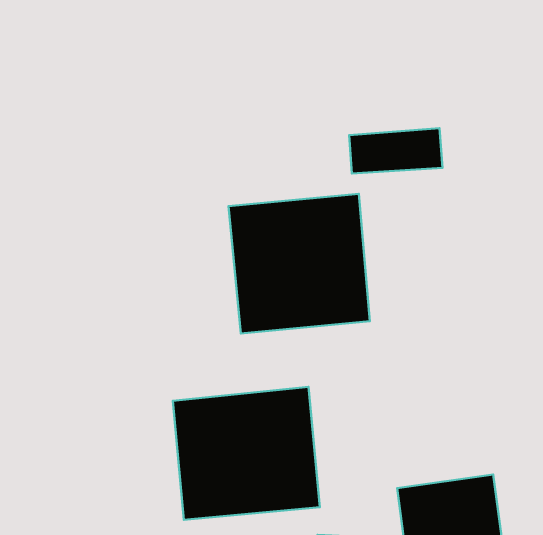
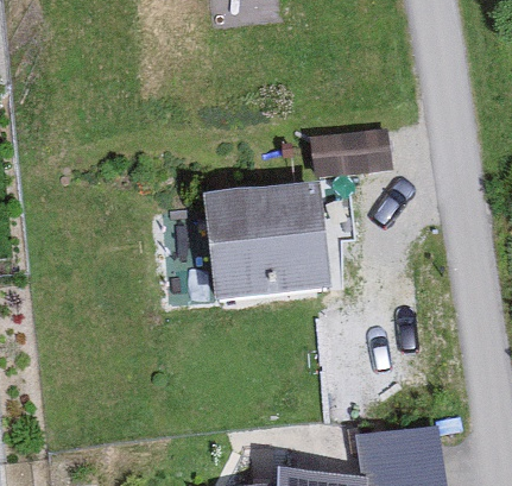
building: [173,387,320,520] -> none

